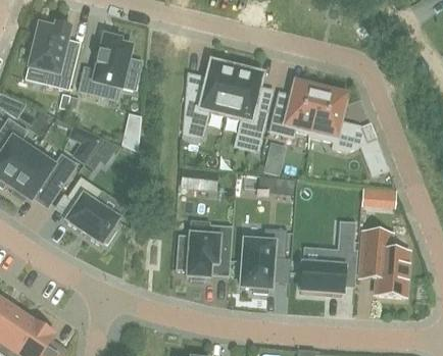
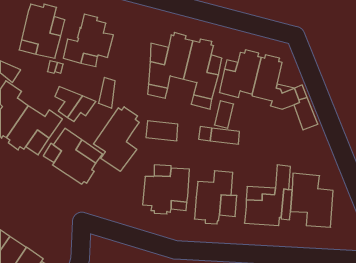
building: none -> [93,107,139,171]
building: [361,187,396,210] -> none

